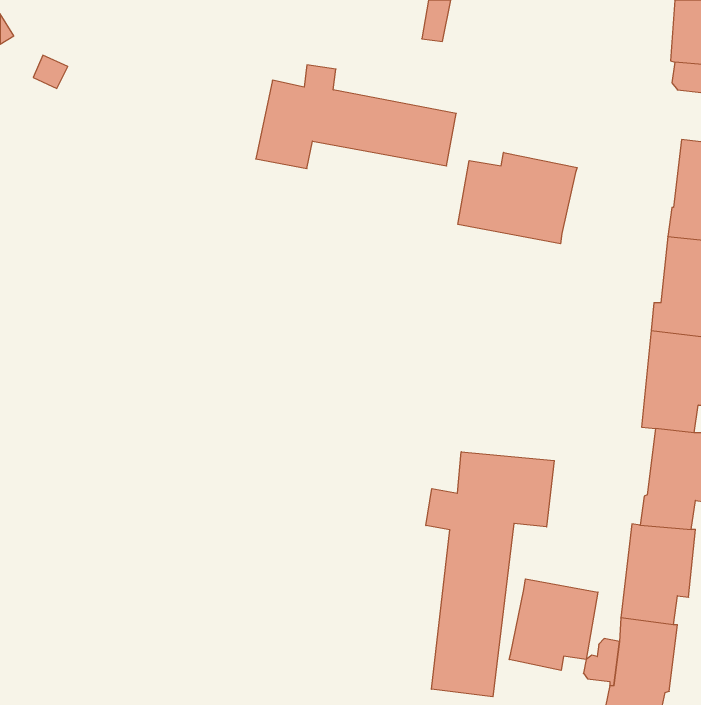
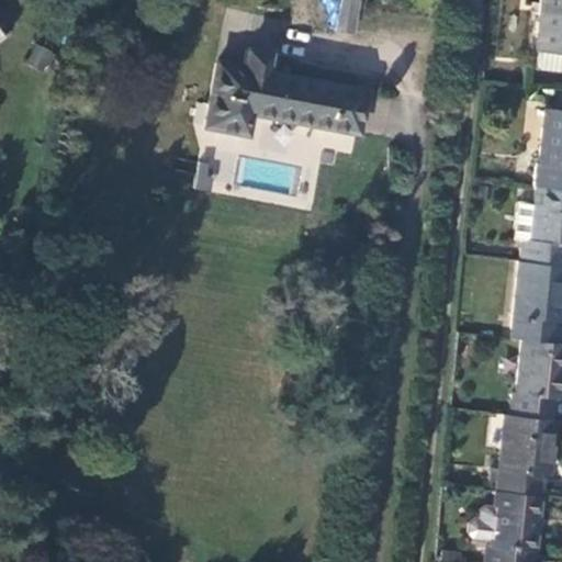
building: [458,152,577,244] -> none
building: [426,452,554,697] -> none
building: [509,579,598,670] -> none

